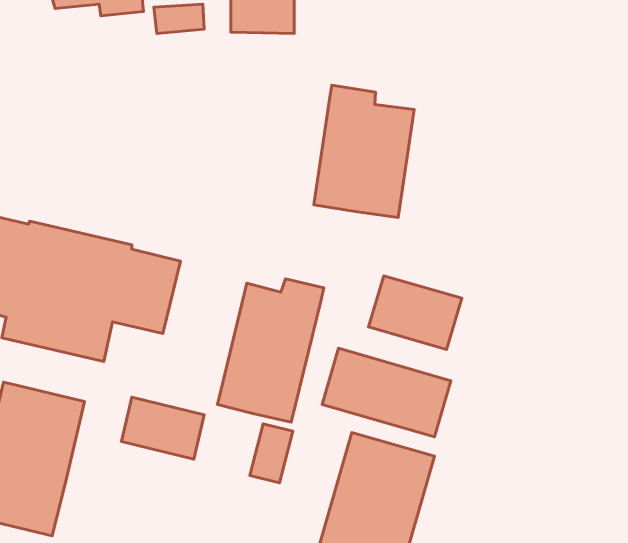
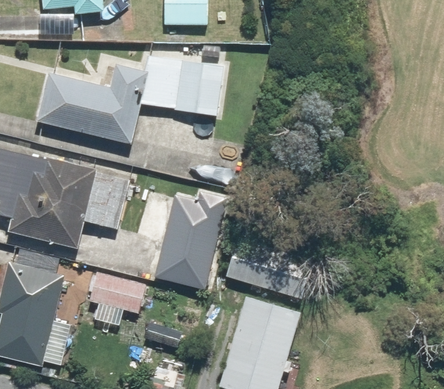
building: none -> [36,56,222,144]
building: [314,85,414,218] -> none
building: [369,276,462,350] -> none

